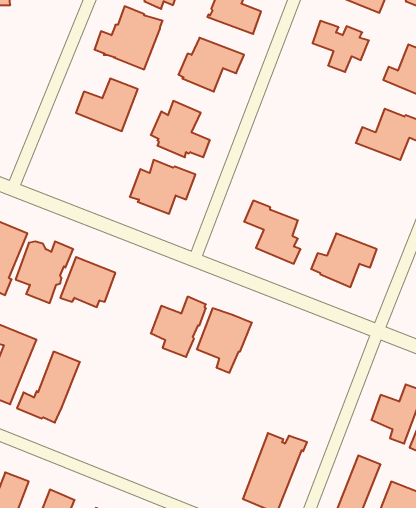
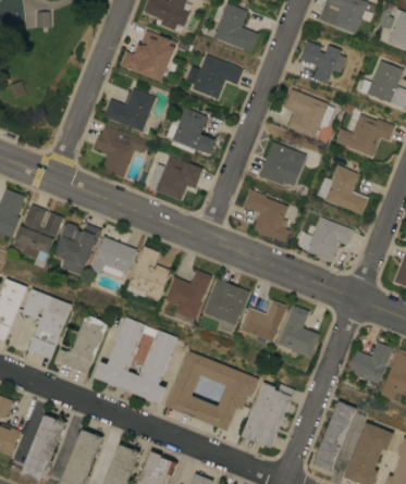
building: none -> [283,88,334,137]
building: none -> [94,124,148,177]
building: none -> [258,140,306,185]
building: none -> [318,165,368,214]
building: none -> [127,245,172,300]
building: none -> [241,299,286,342]
building: none -> [278,305,319,356]
building: none -> [94,317,177,402]
building: none -> [165,350,259,431]

